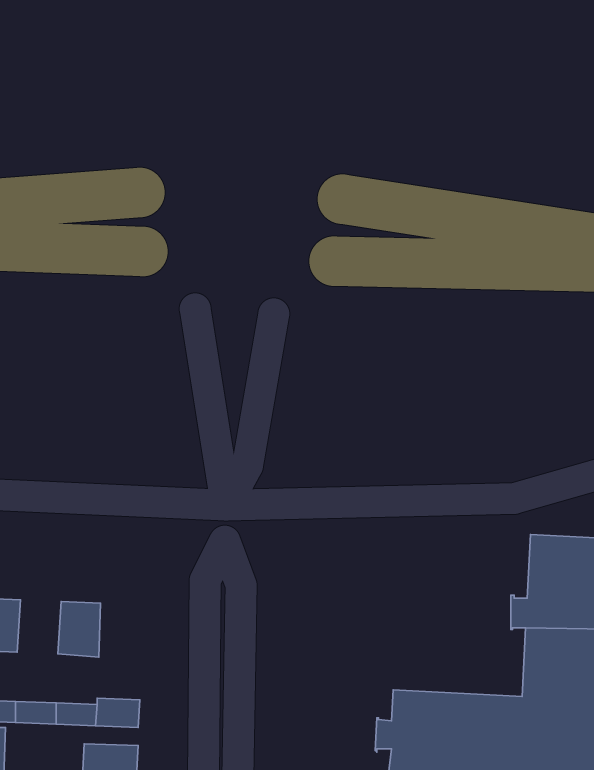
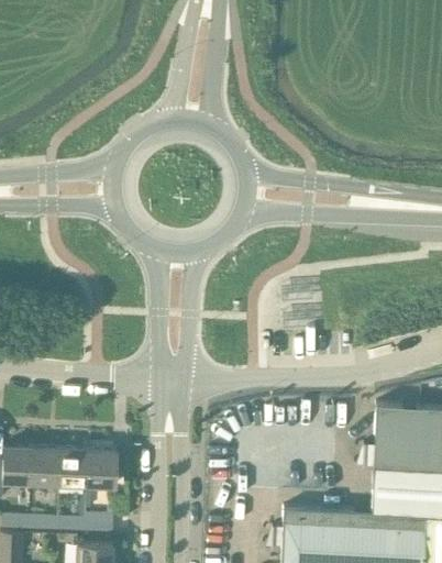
building: none -> [32,446,62,483]
building: none -> [87,449,117,486]

